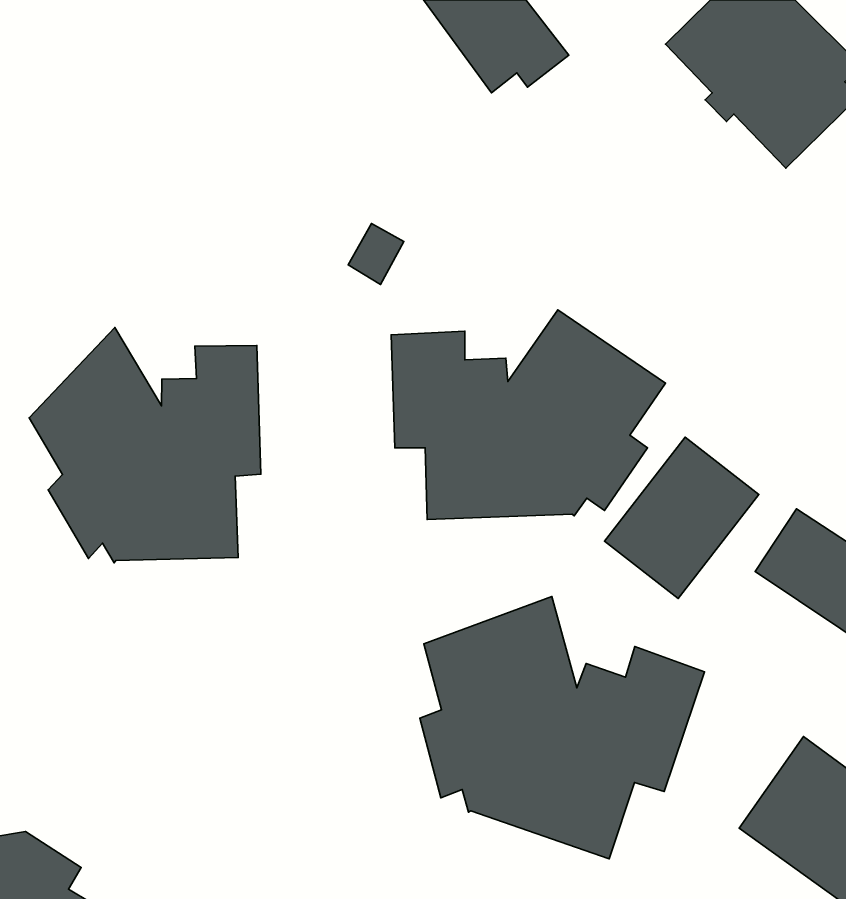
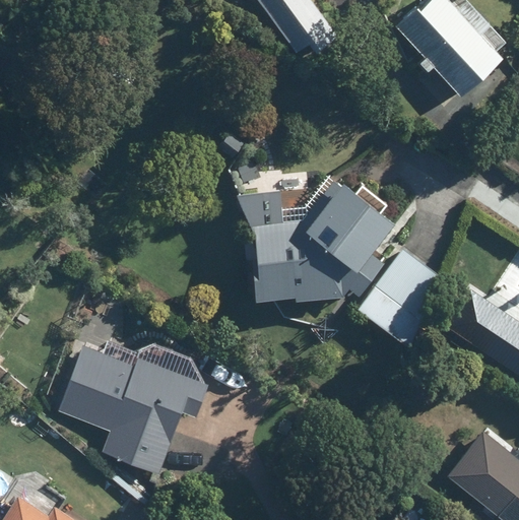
building: [29,327,261,563] -> none
building: none -> [63,339,209,475]
building: [420,597,705,859] -> none

